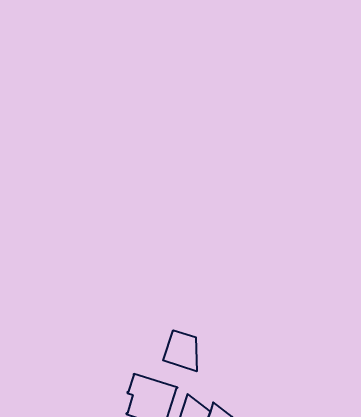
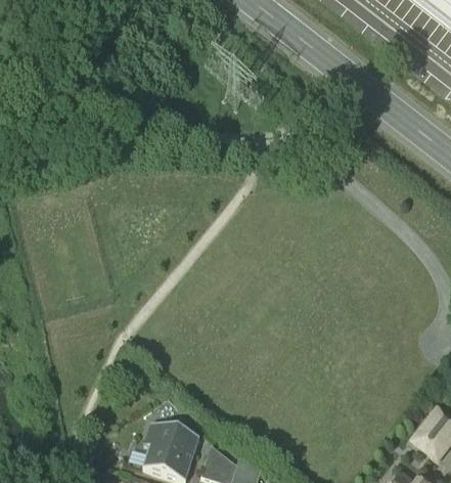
building: [163,330,197,371] -> none

